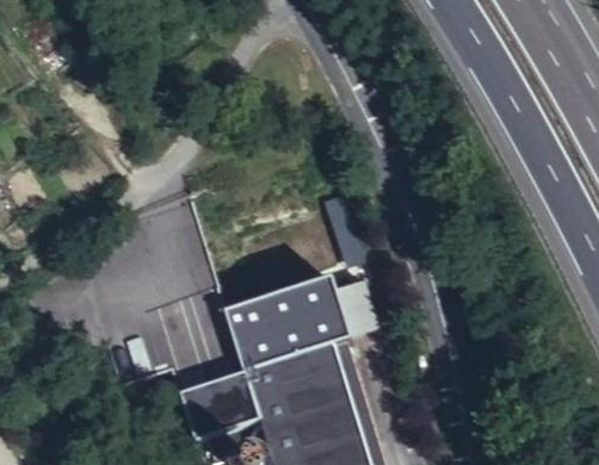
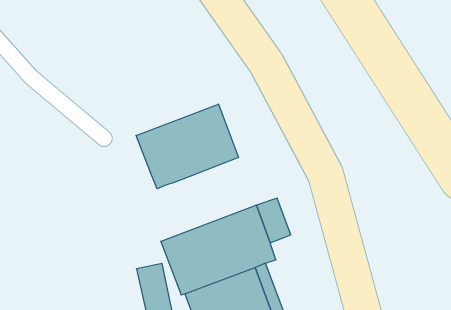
building: none -> [136,104,238,189]

